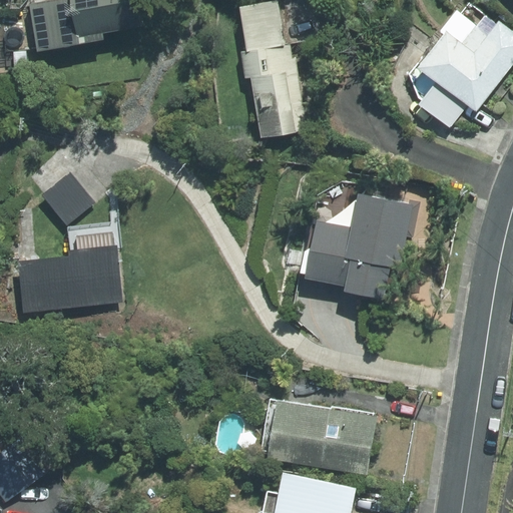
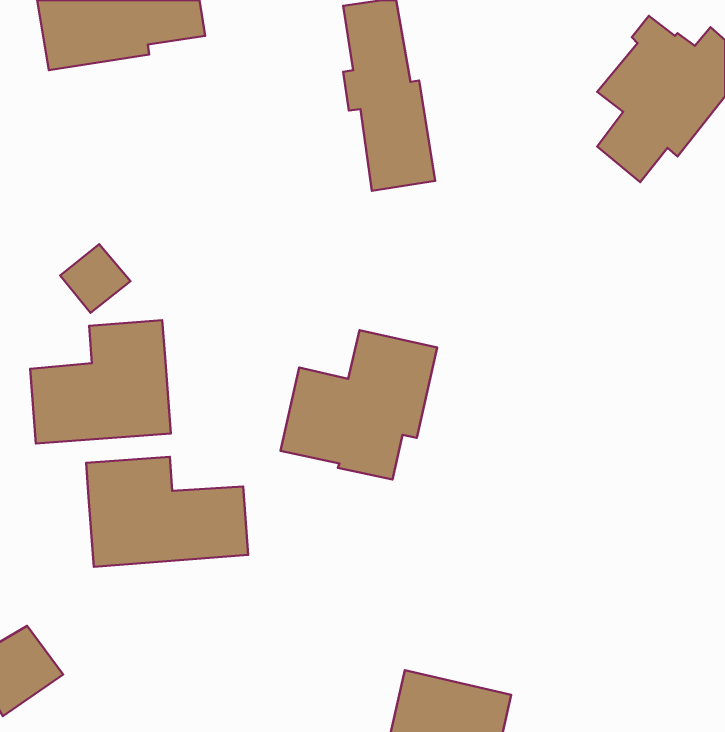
building: [305,192,414,297] -> [281,330,437,479]
building: none -> [86,457,248,567]
building: [267,399,374,475] -> none

